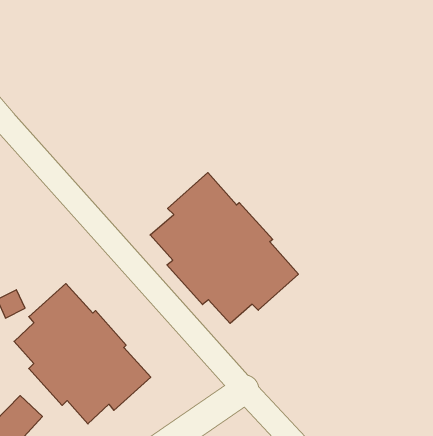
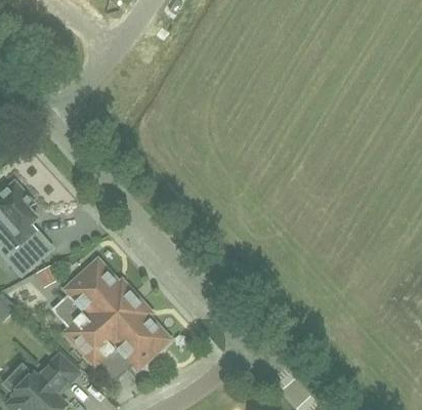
building: [150,173,298,323] -> none

